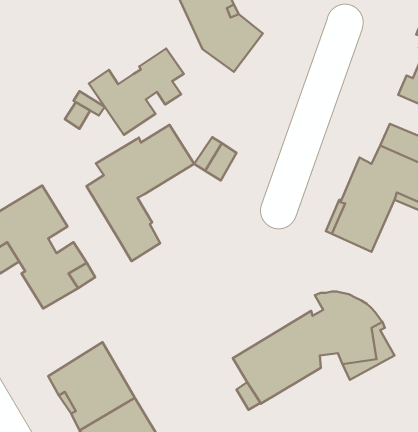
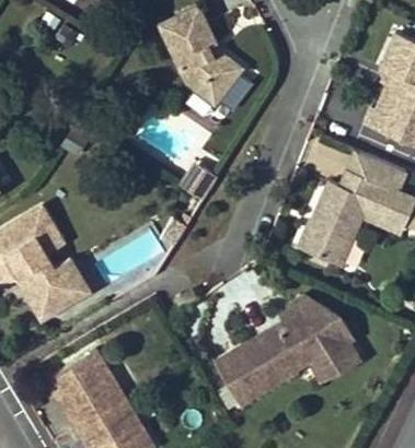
building: [89,49,184,135] -> none
building: [87,125,194,261] -> none

